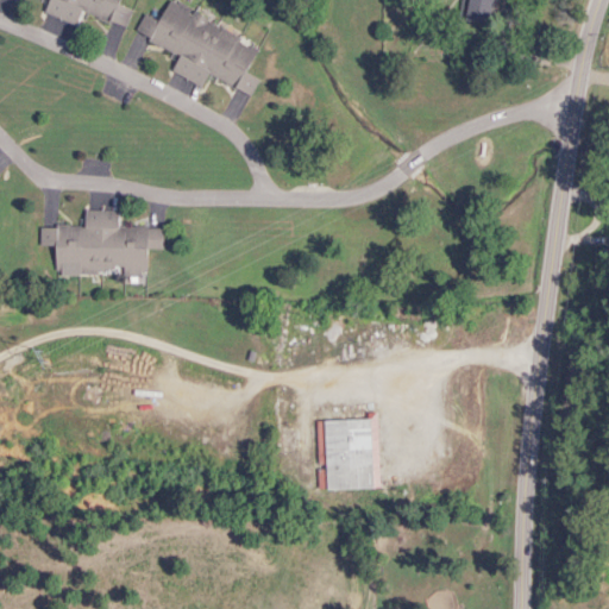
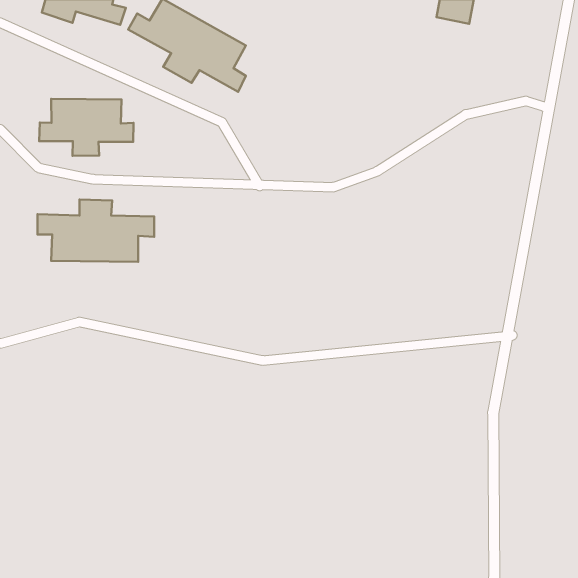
building: none -> [39,99,134,156]
building: [318,420,372,489] -> none

